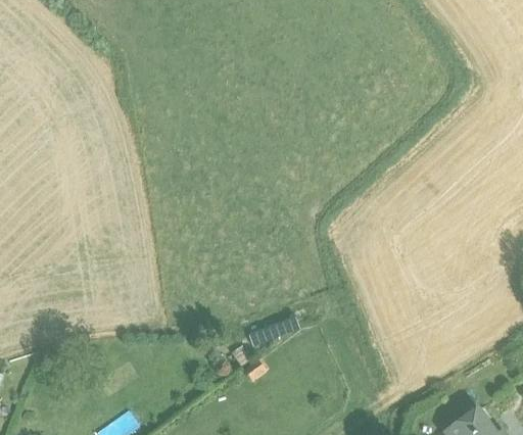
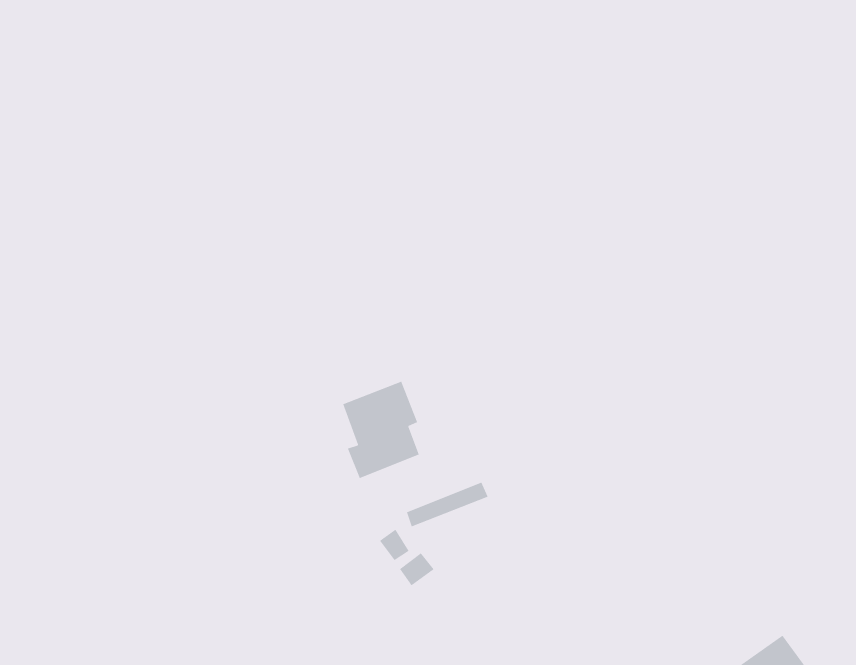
building: none -> [342,381,420,479]

